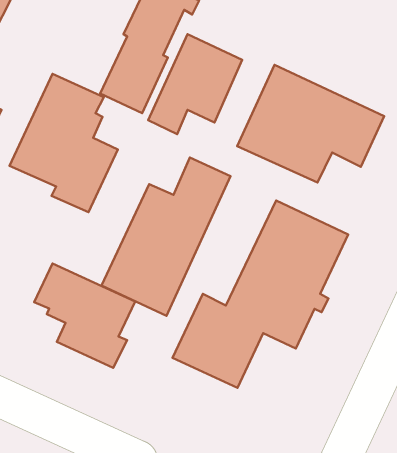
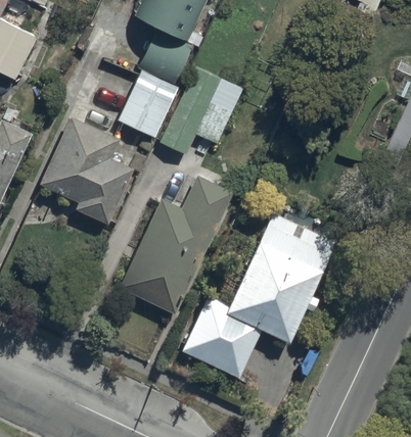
building: [237,65,384,182] -> none
building: [34,263,135,368] -> none

